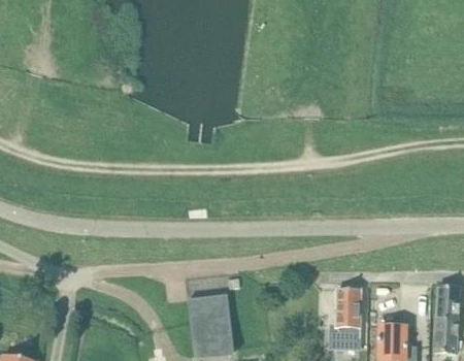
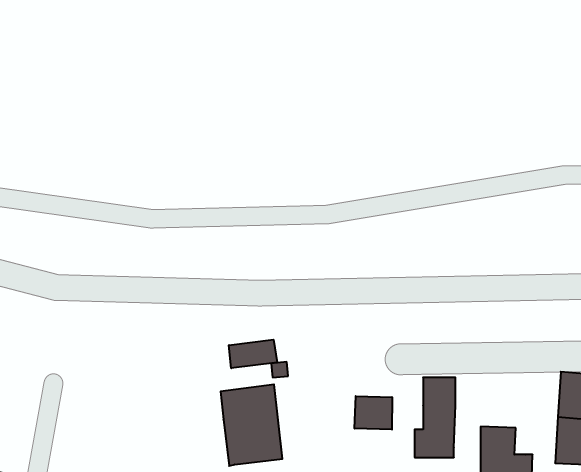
building: none -> [229,340,277,368]
building: none -> [355,396,392,430]

